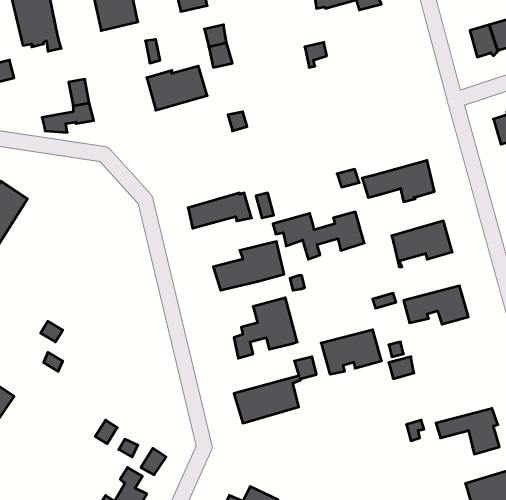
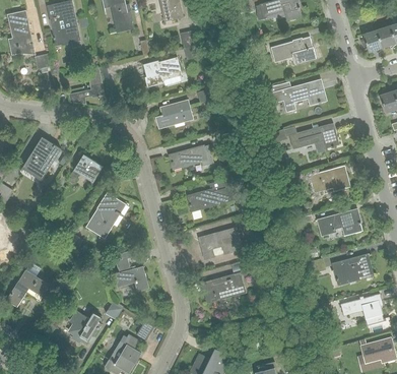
building: none -> [271,37,317,64]
building: none -> [155,101,193,129]
building: none -> [68,154,103,183]
building: [273,212,364,259] -> [263,79,326,112]
building: none -> [85,192,126,239]
building: [321,330,382,374] -> [332,254,374,285]
building: none -> [114,250,149,291]
building: none -> [69,311,102,345]

